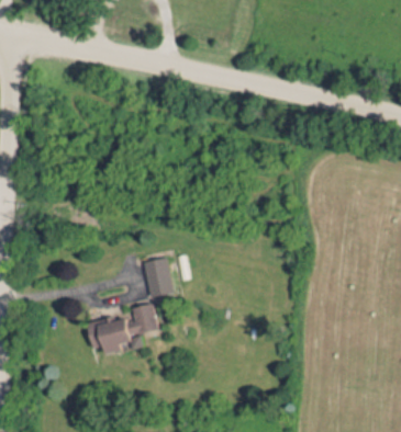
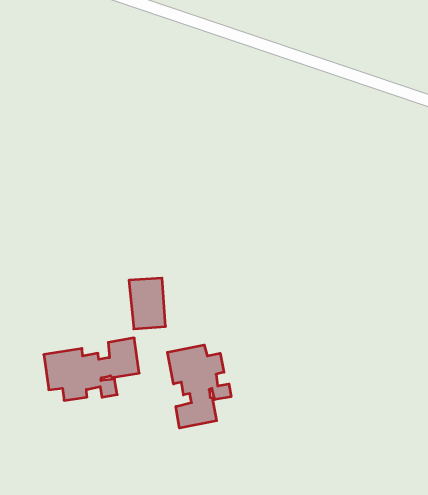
building: none -> [167,345,231,428]

